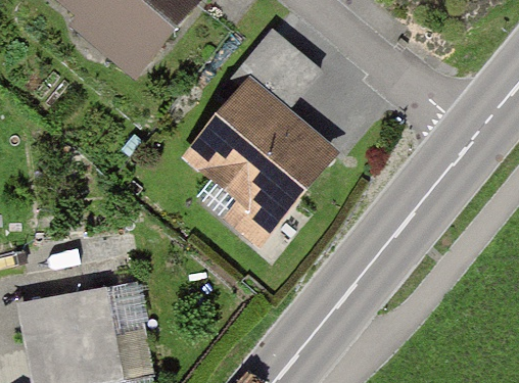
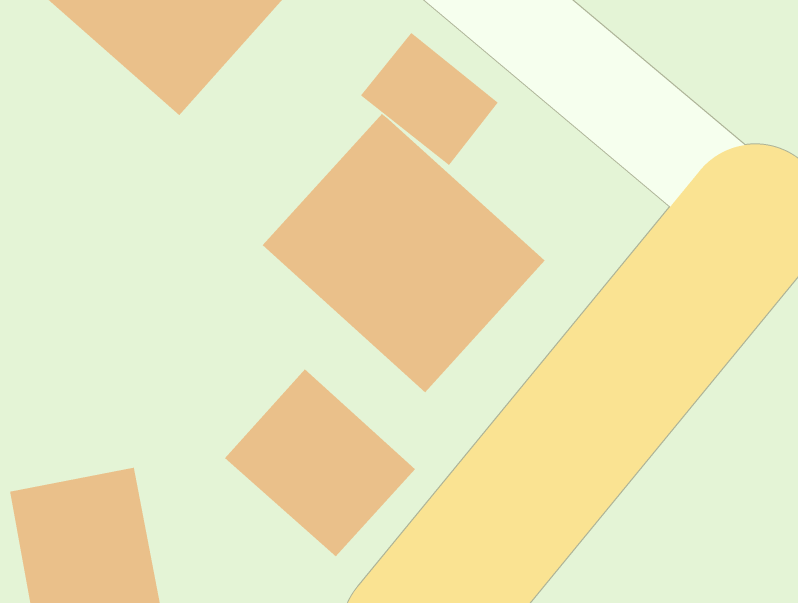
building: none -> [224,369,416,557]

